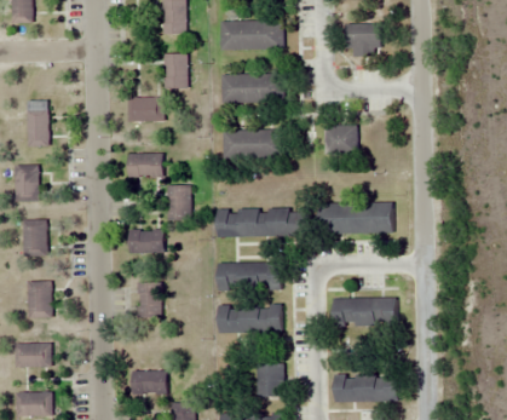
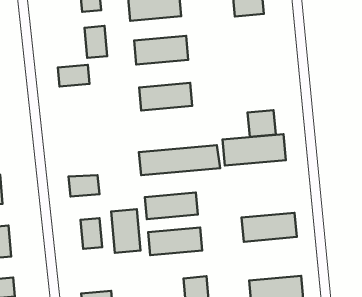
building: [324,126,356,155] -> [248,110,276,137]
building: [127,155,162,177] -> none
building: [167,186,190,220] -> none
building: none -> [111,209,140,253]

